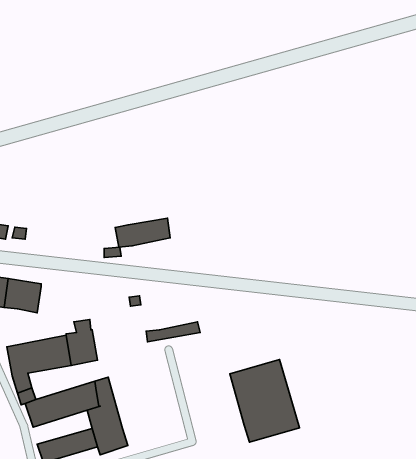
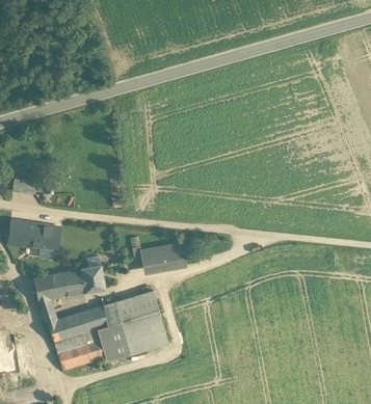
building: [115,218,170,247] -> [140,243,184,266]
building: [230,359,299,442] -> [113,291,168,356]
building: none -> [54,328,101,355]

